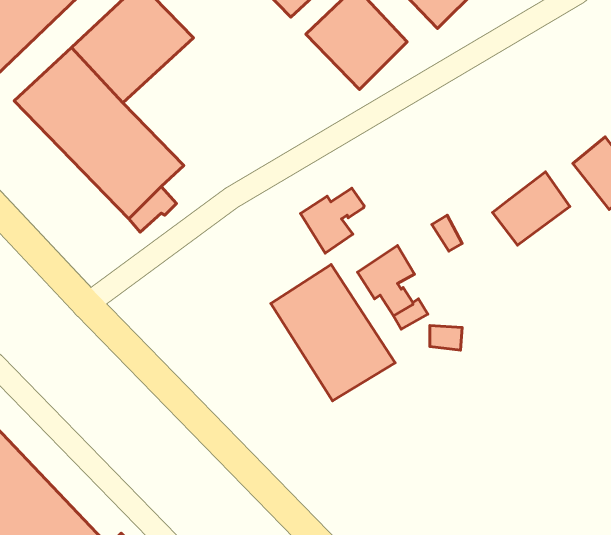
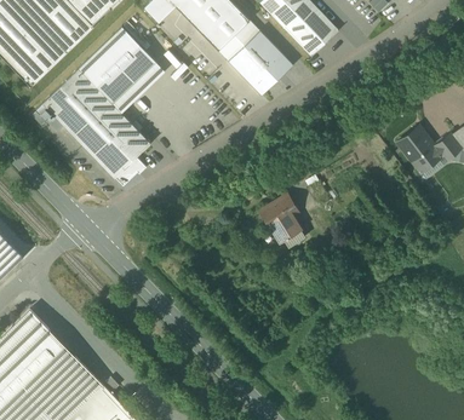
building: [492,172,570,245] -> none
building: [300,188,364,253] -> none
building: [271,265,395,401] -> none

